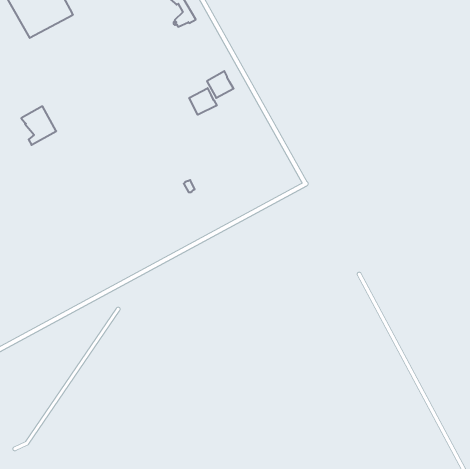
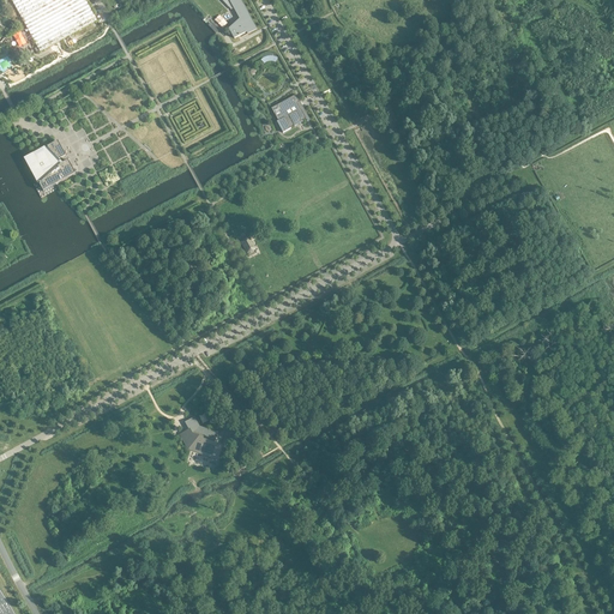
building: [189,88,217,115] -> none
building: none -> [179,414,219,455]

